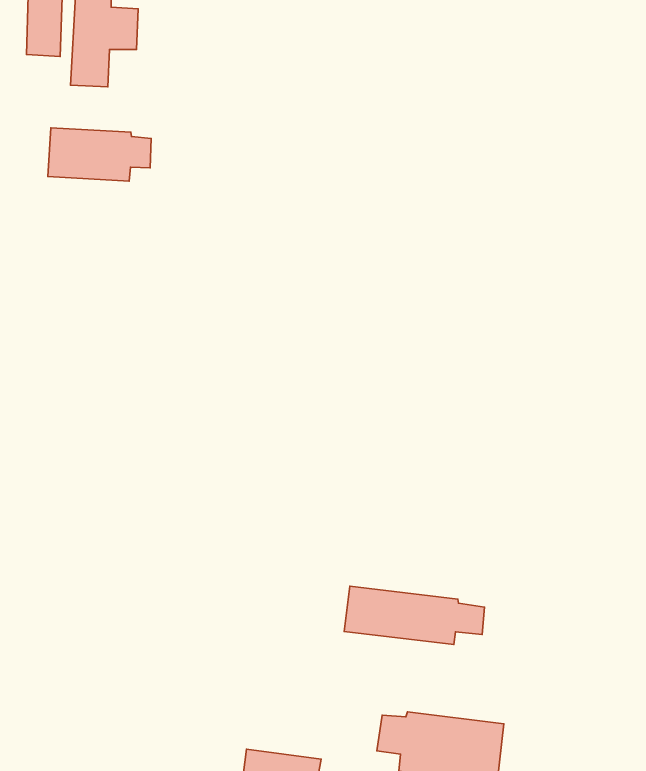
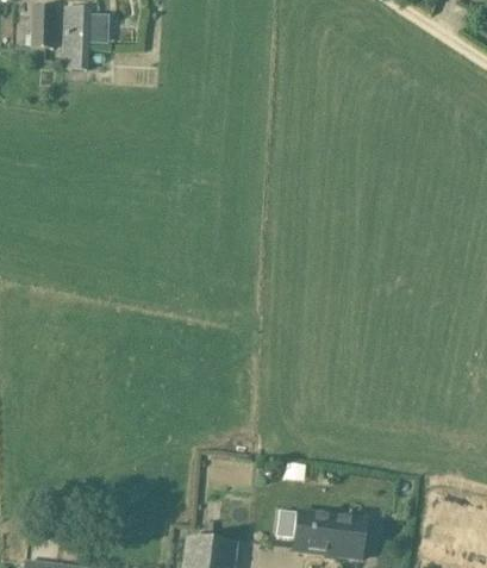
building: [48,128,151,181] -> none
building: [344,586,485,645] -> none

